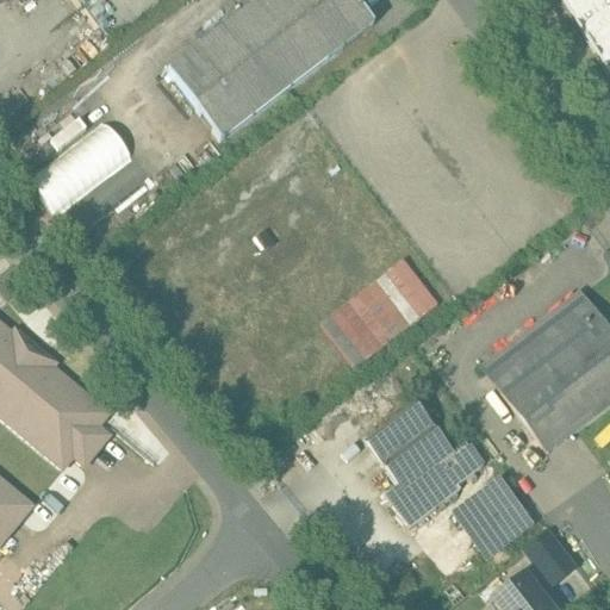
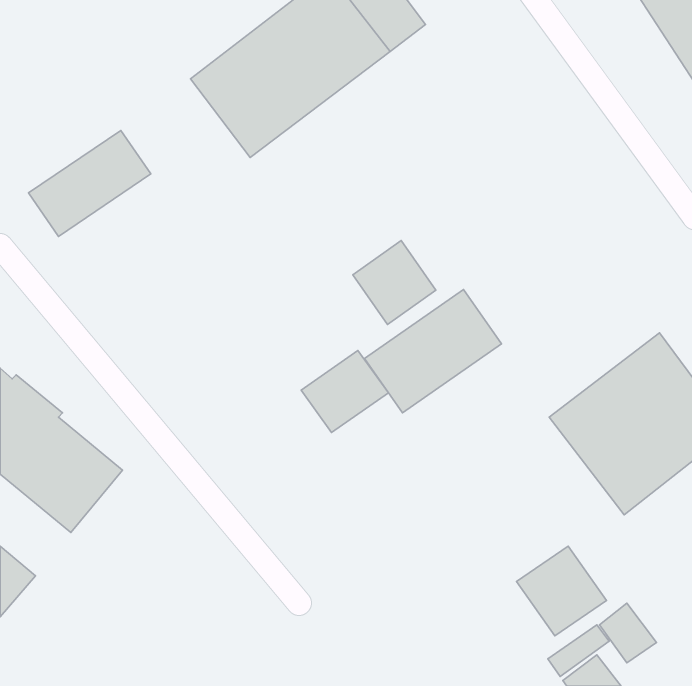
building: none -> [353,241,436,325]
building: none -> [301,351,388,433]
building: [366,402,484,525] -> none

